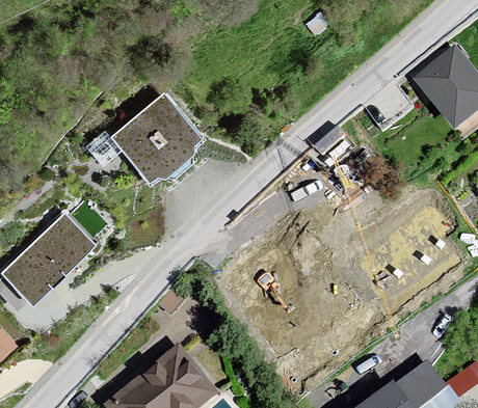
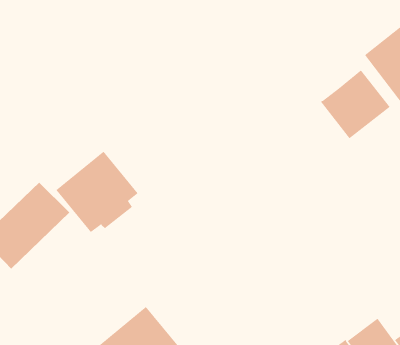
building: none -> [320,70,390,139]
building: [113,96,203,184] -> [56,151,139,233]

